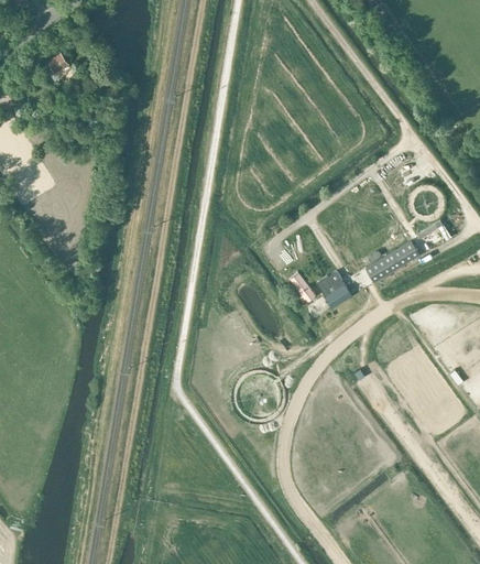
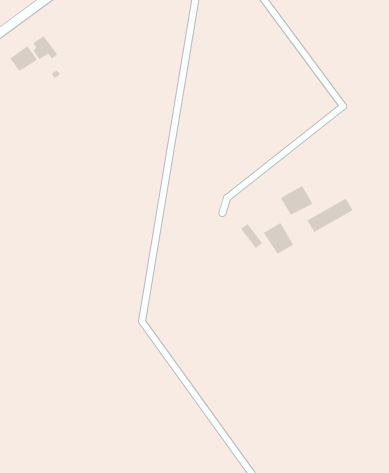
building: none -> [9,45,38,72]
building: none -> [280,185,313,215]

